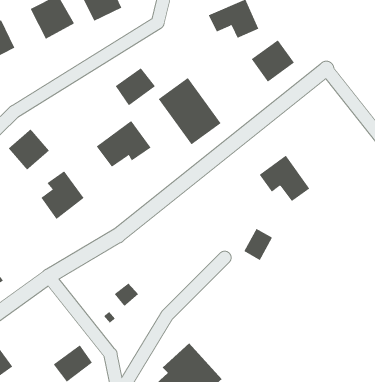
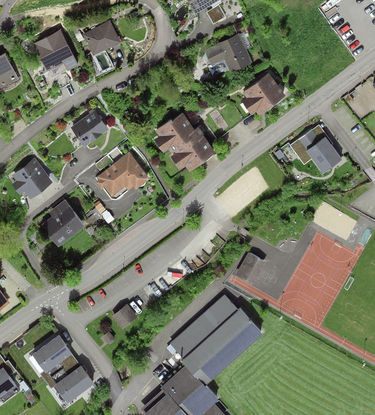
building: [115,67,156,106] -> [71,111,110,148]
building: [259,155,310,202] -> [292,127,341,172]
building: none -> [170,292,261,382]
building: none -> [33,333,73,371]

